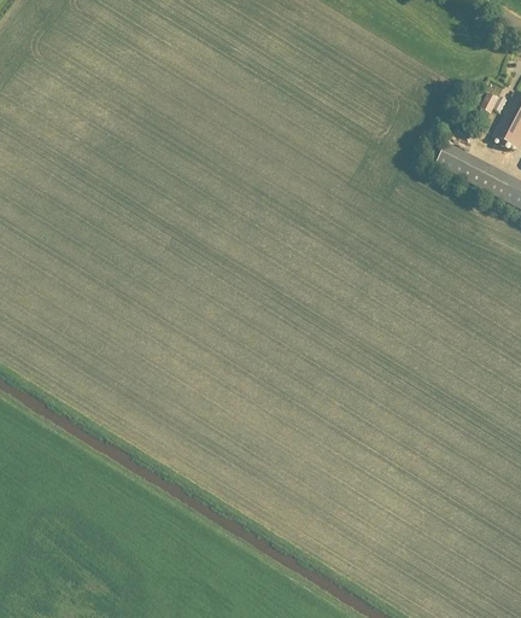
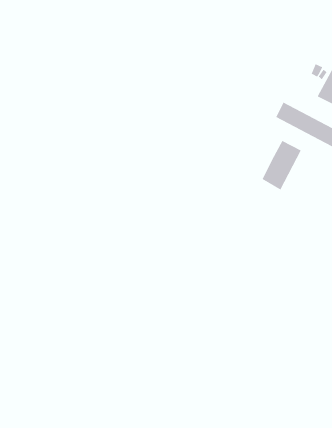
building: none -> [262,140,302,190]

